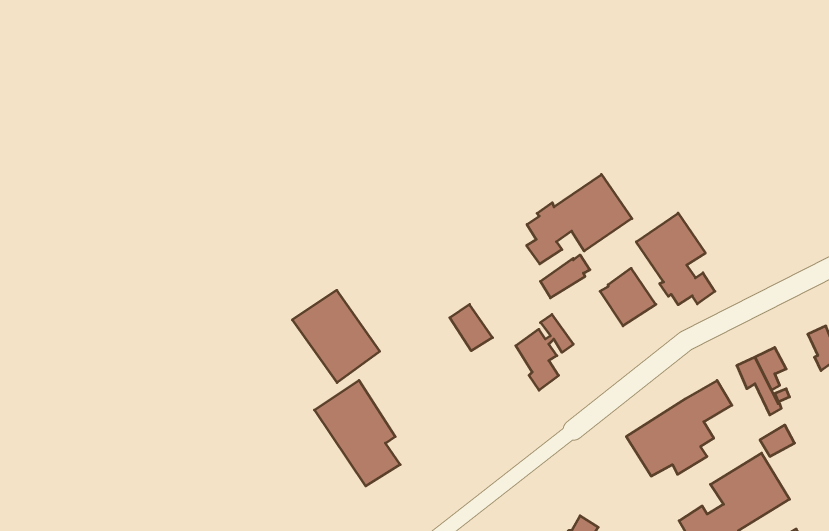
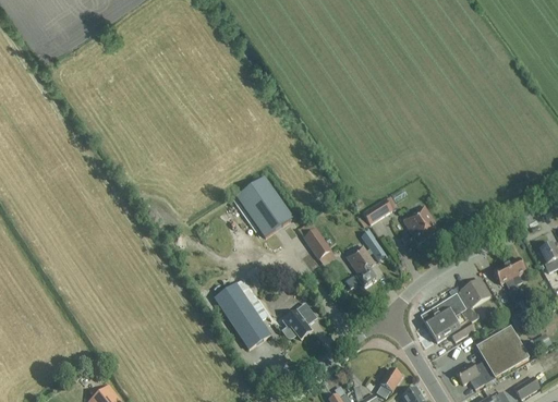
building: [527,174,632,264] -> none
building: [636,213,715,305] -> none
building: [292,290,380,383] -> [234,176,292,237]
building: none -> [280,293,311,338]

